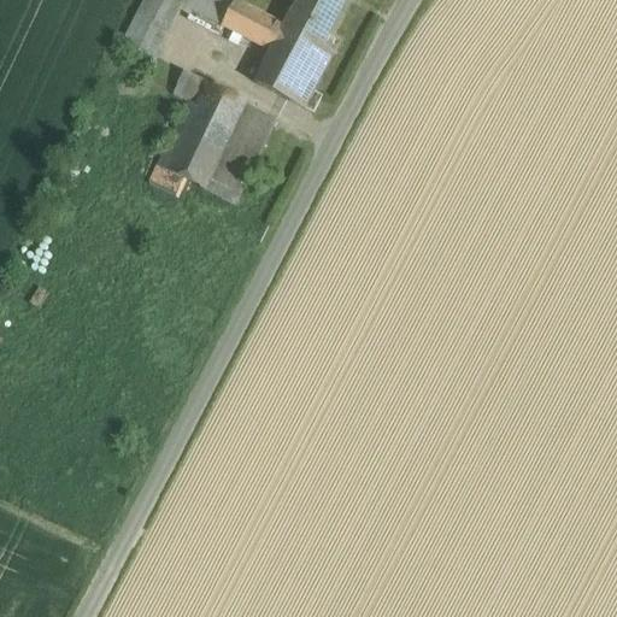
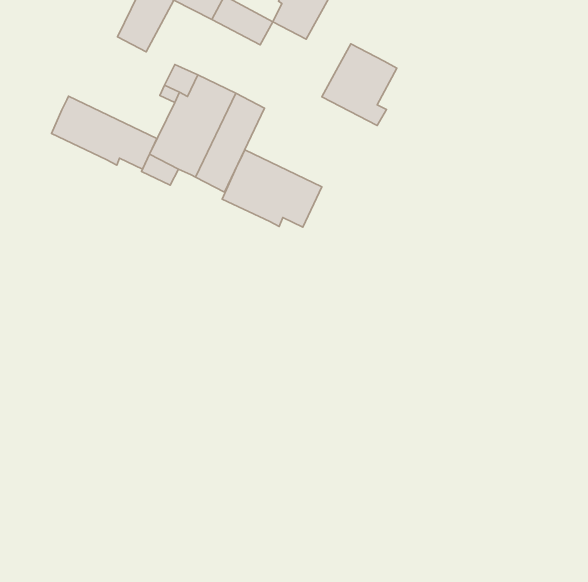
building: [255,23,334,108] -> [322,44,397,126]
building: none -> [52,96,157,169]
building: none -> [222,150,322,227]

